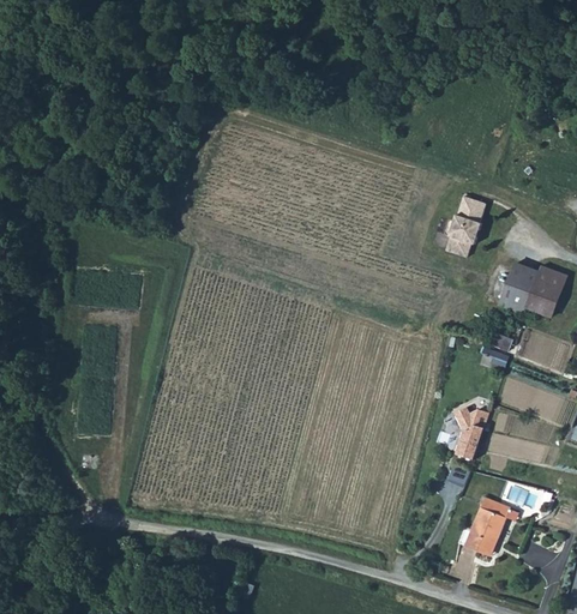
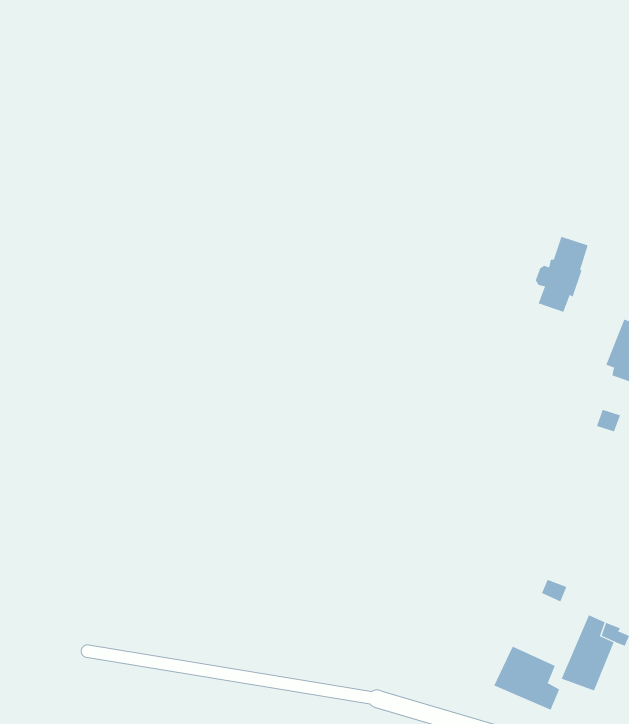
building: [452,405,489,459] -> none
building: none -> [493,646,560,711]

